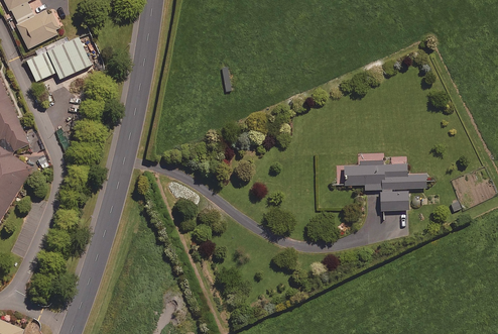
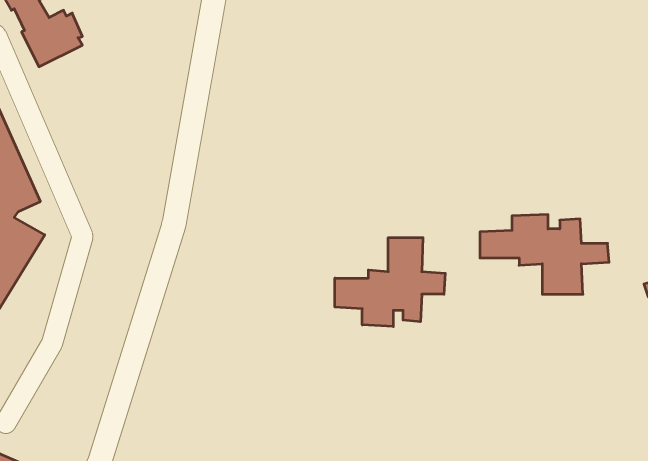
building: [28,39,92,83] -> none
building: none -> [335,238,445,327]

